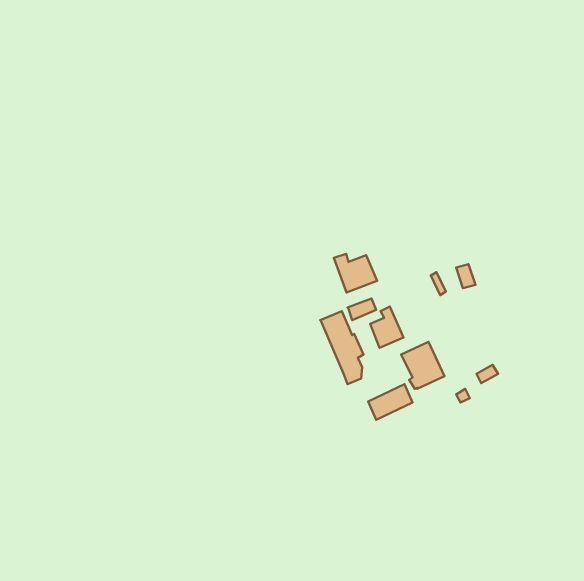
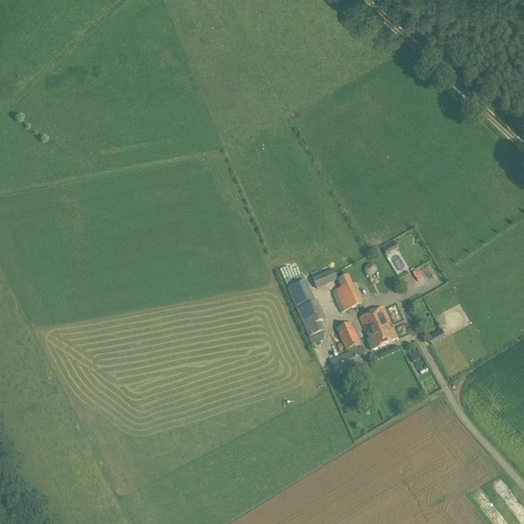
building: [334,254,377,293] -> none
building: none -> [336,320,360,348]

